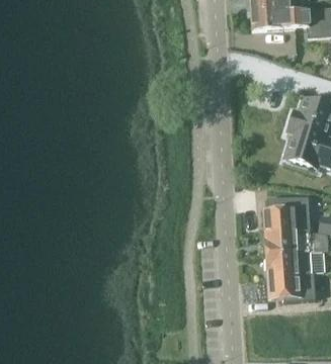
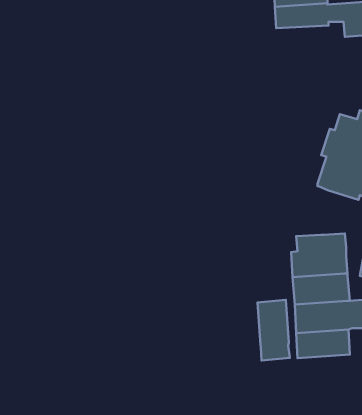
building: none -> [258,300,290,360]

